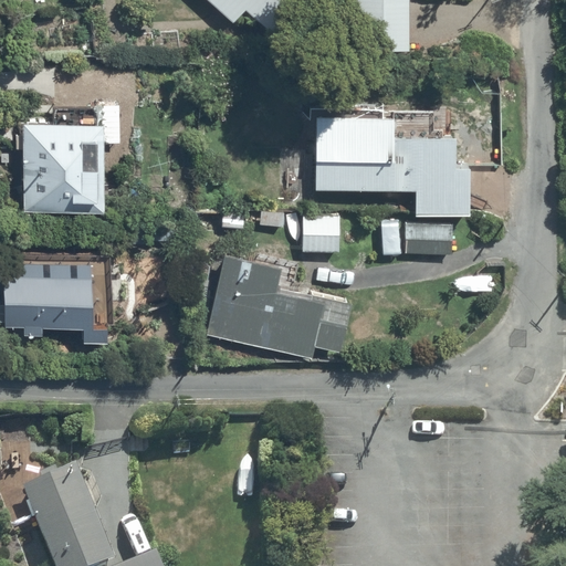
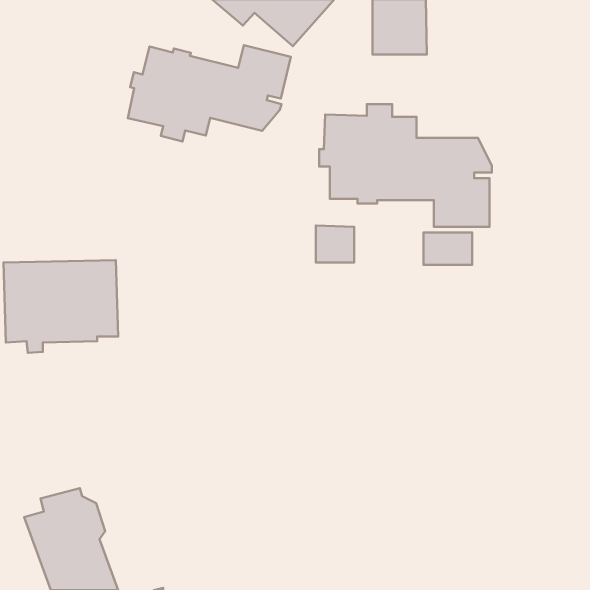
building: none -> [128,45,291,141]
building: [17,106,118,211] -> none
building: [207,255,353,358] -> none

